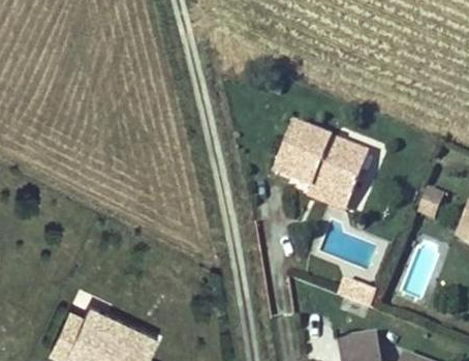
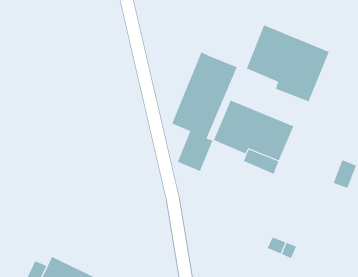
building: none -> [246,25,329,102]
building: none -> [171,52,237,172]

